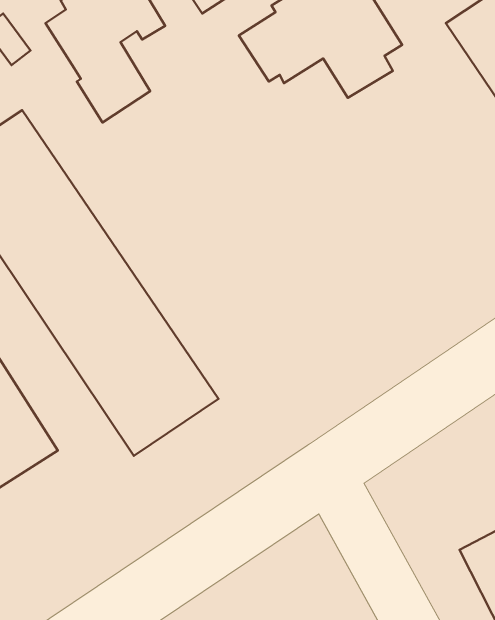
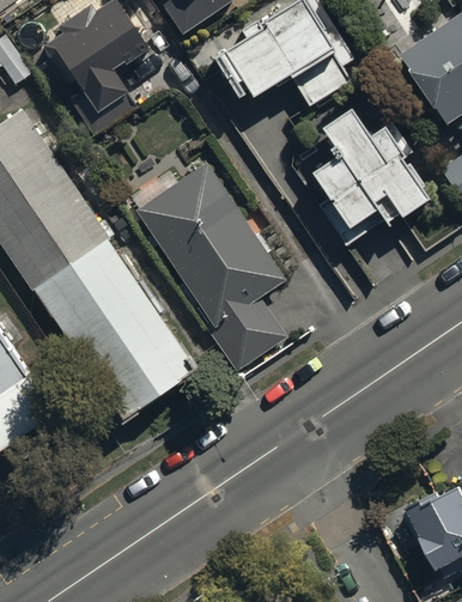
building: none -> [310,98,425,242]
building: none -> [135,158,285,369]

